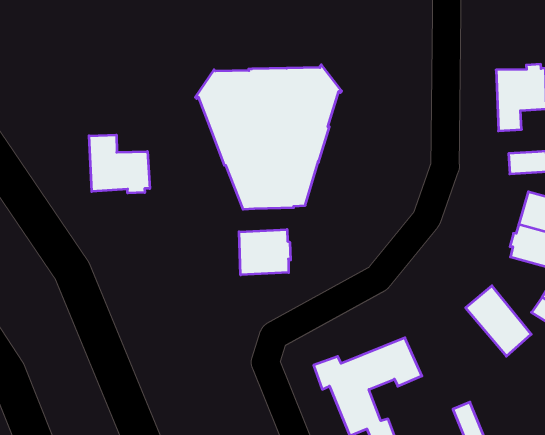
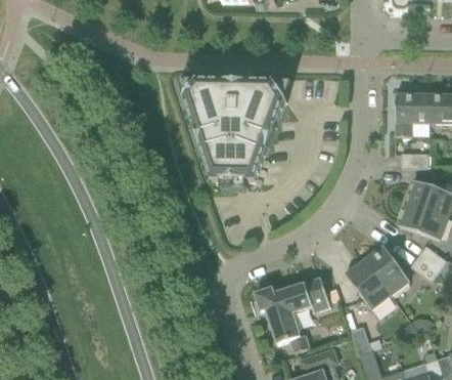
building: [89,135,150,193] -> none
building: [239,229,291,275] -> none
building: none -> [345,259,391,309]

